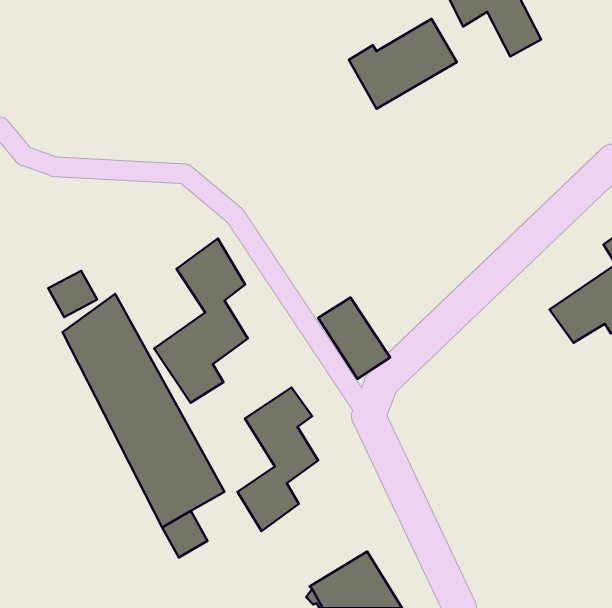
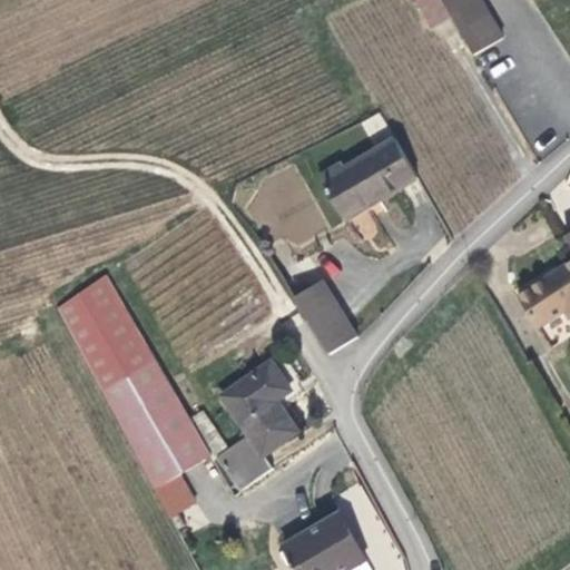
building: [349,19,457,109] -> [314,139,414,223]
building: [154,239,248,403] -> none
building: [48,271,97,317] -> none

